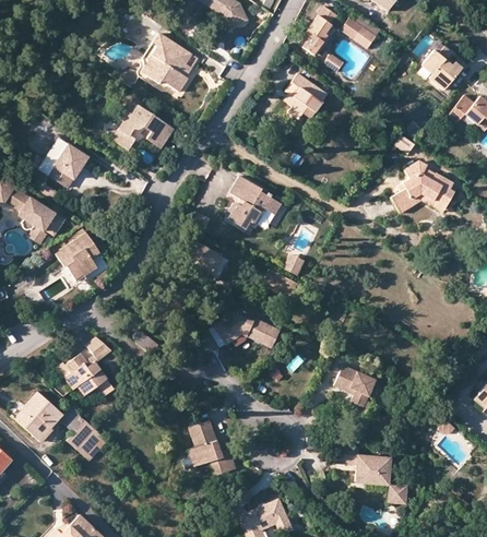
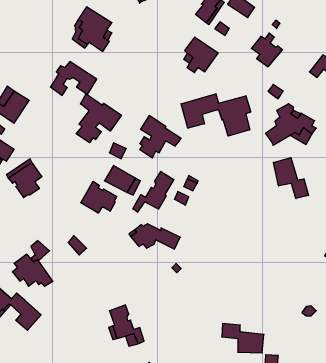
building: [421,46,462,90] -> [251,33,283,67]
building: none -> [76,94,121,143]
building: none -> [181,94,251,136]
building: none -> [273,158,309,199]
building: none -> [133,171,174,212]
building: none -> [81,181,117,213]
building: [334,366,373,406] -> none

